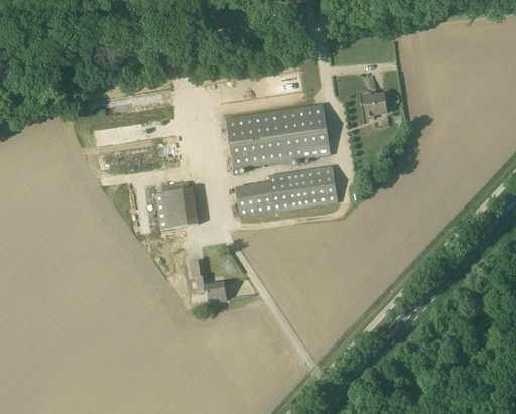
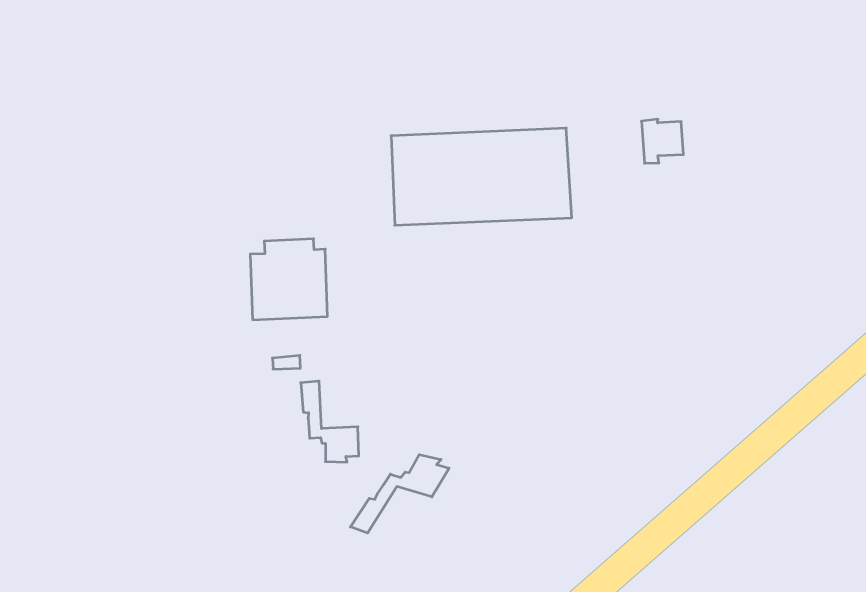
building: [235,166,339,217] -> none
building: none -> [350,455,449,533]

